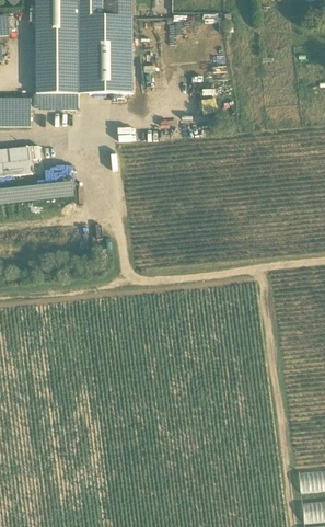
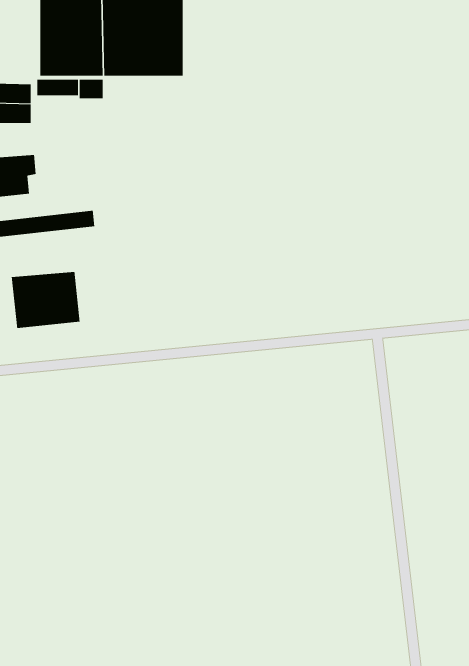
building: none -> [11,271,80,329]

